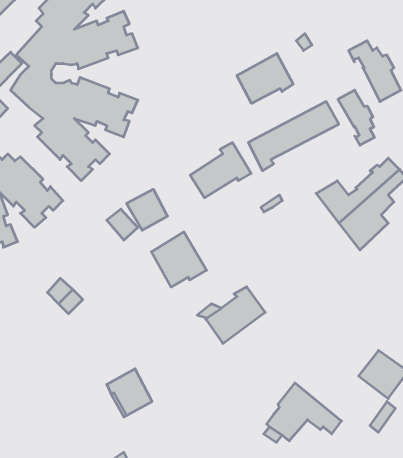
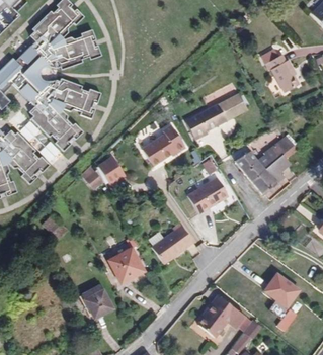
building: [237,53,293,103] -> none
building: [338,90,374,145] -> none
building: none -> [185,180,225,216]
building: [151,232,207,287] -> [106,243,146,282]

